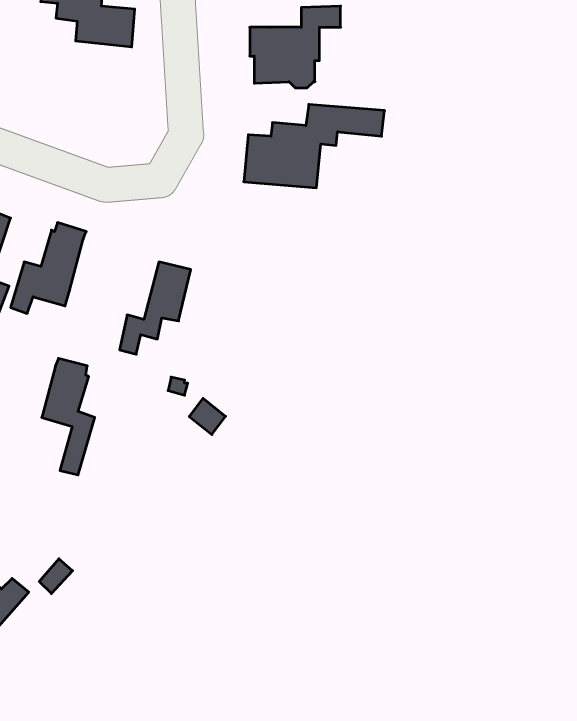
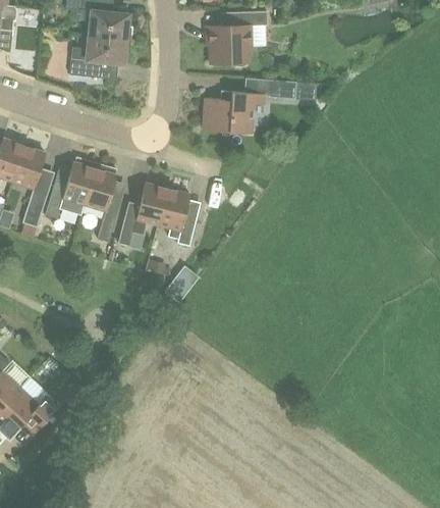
building: none -> [69,34,126,77]
building: none -> [158,188,196,245]
building: [42,358,95,475] -> [85,162,120,241]

